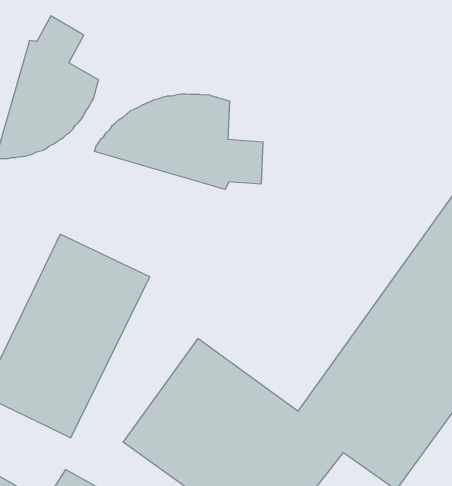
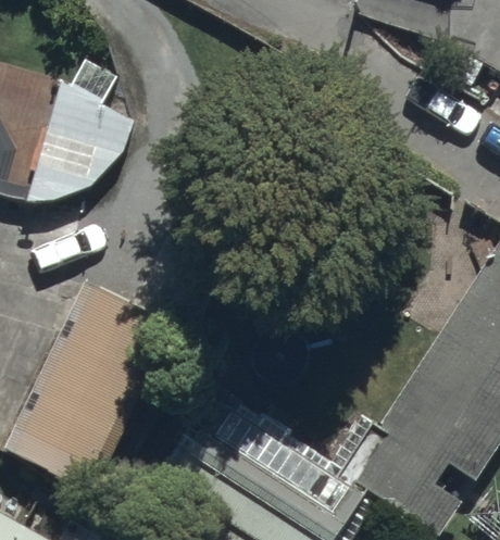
building: [94,94,263,189] -> none

